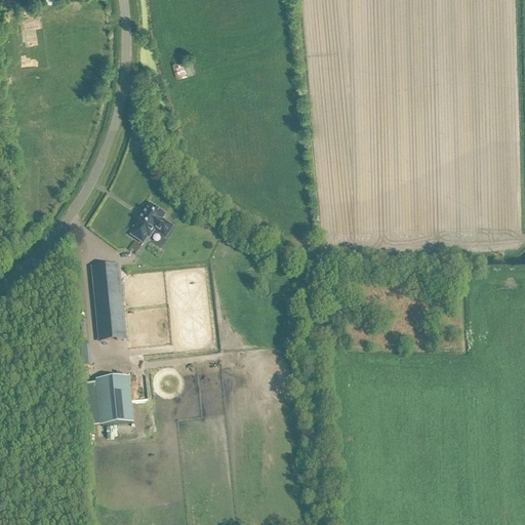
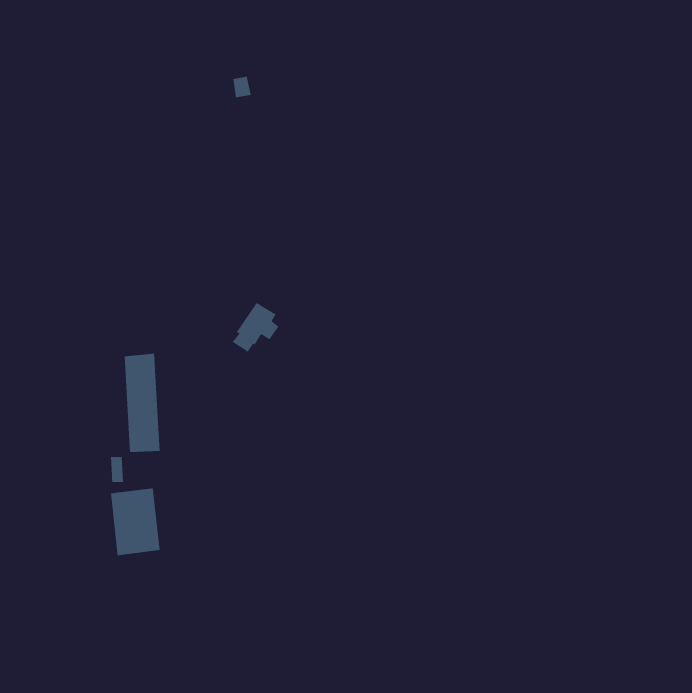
building: [133,206,169,244] -> [232,302,279,353]

